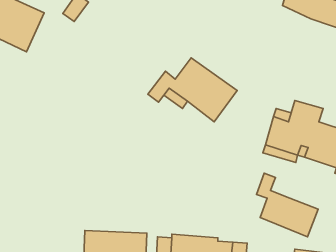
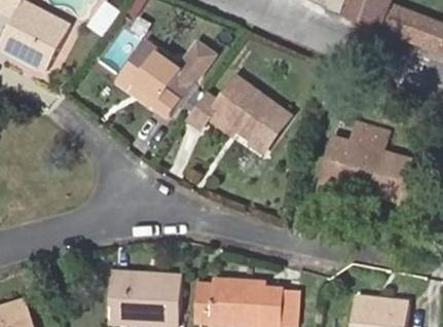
building: none -> [115,37,217,115]
building: [256,173,318,237] -> none

